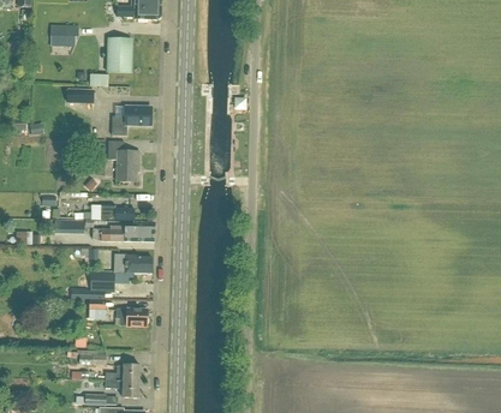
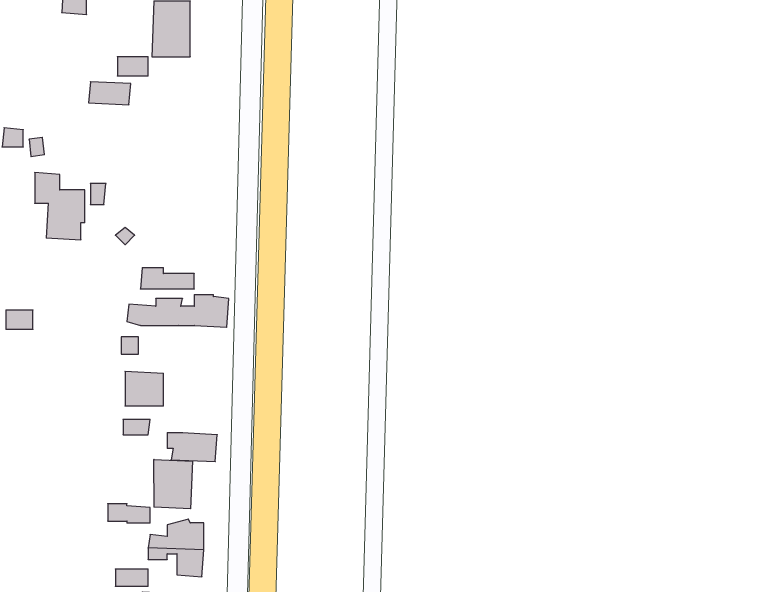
building: [111,104,151,134] -> none
building: [108,139,139,181] -> [35,173,85,240]
building: [117,253,151,273] -> none
building: none -> [154,459,193,509]

